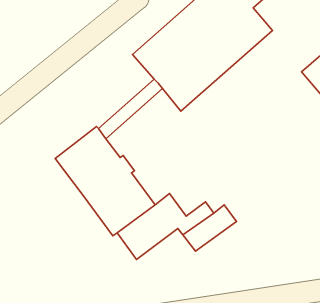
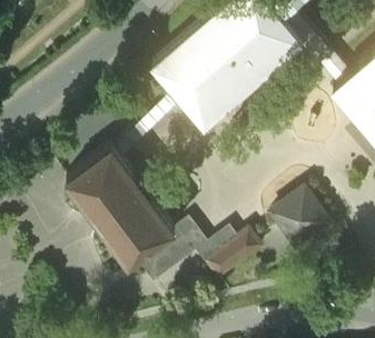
building: none -> [273,190,330,247]

